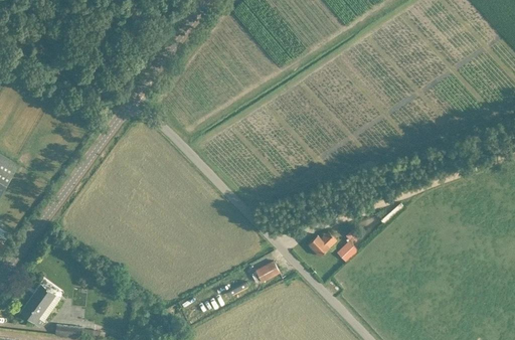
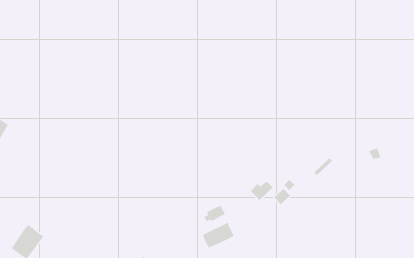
building: none -> [202,222,235,249]

